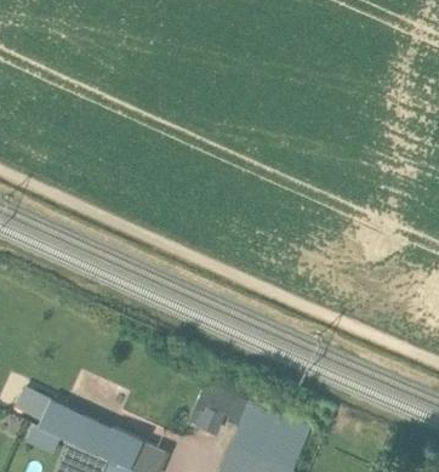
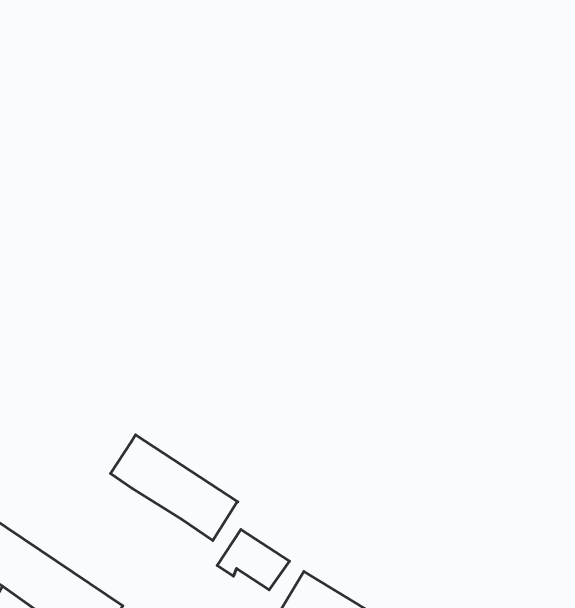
building: none -> [110,435,238,540]

